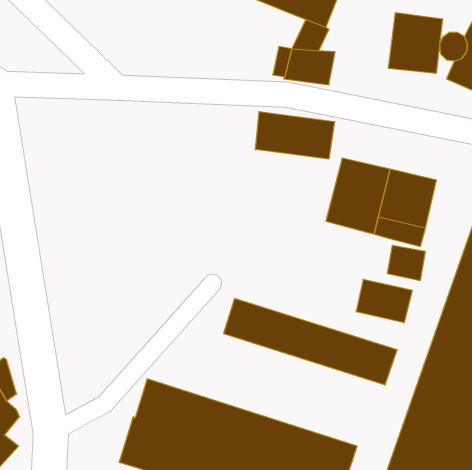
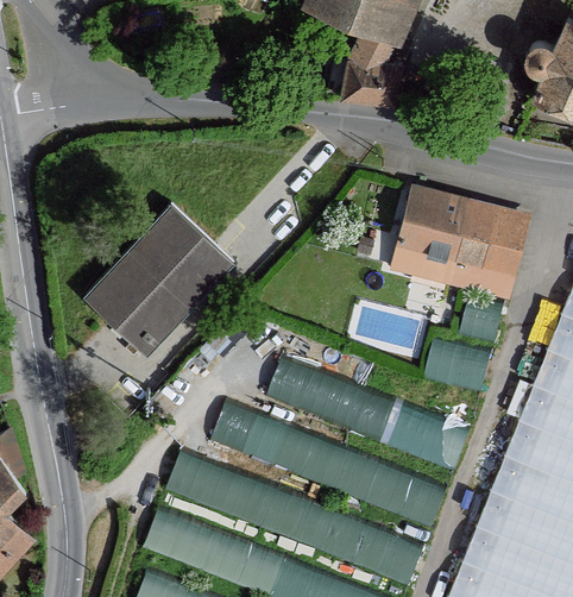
building: [389,13,443,73] -> none
building: [255,111,335,159] -> none
building: none -> [84,210,232,360]
building: none -> [214,402,454,522]

